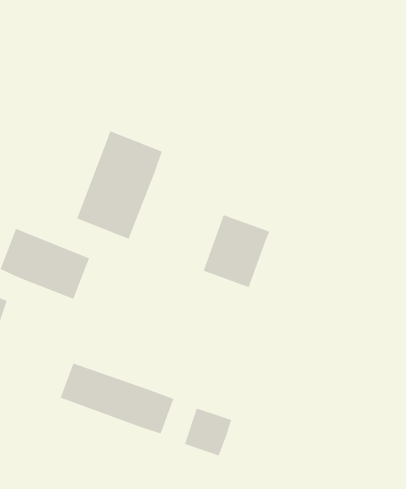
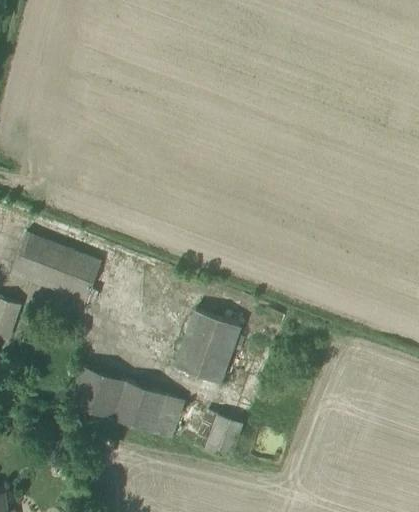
building: [77,130,162,239] -> none
building: [203,215,270,288] -> [174,310,241,383]

